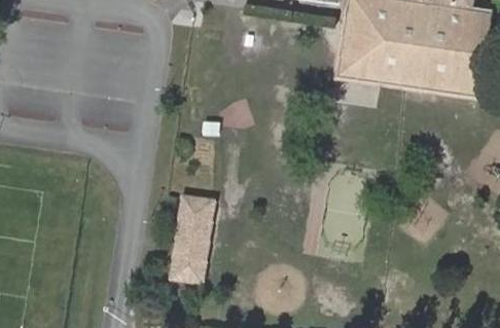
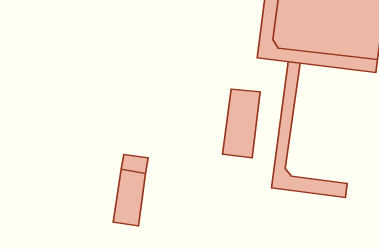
building: none -> [271,62,347,197]
building: none -> [223,89,260,158]

